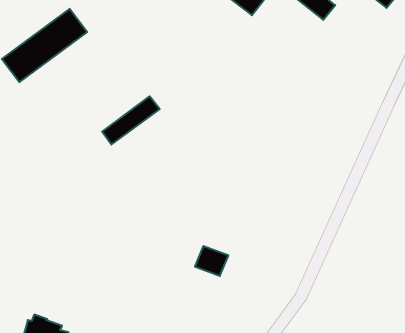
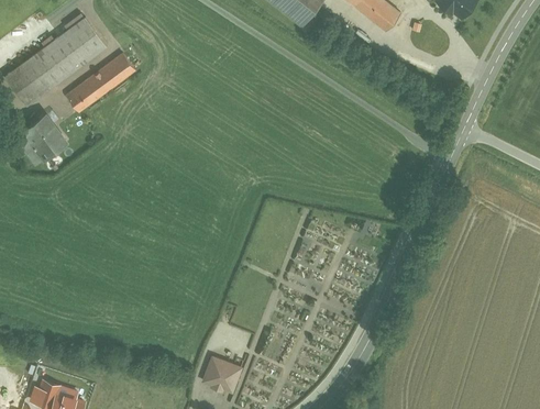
building: none -> [24,114,66,157]
building: [102,96,160,145] -> [67,54,135,111]
building: [195,246,228,276] -> [202,356,242,391]

